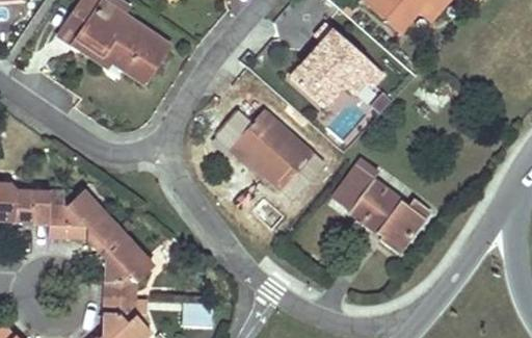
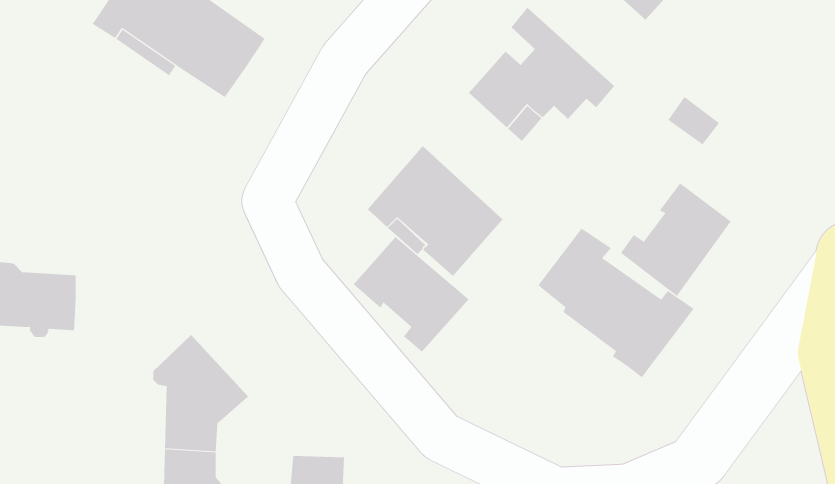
building: none -> [620,182,732,297]
building: none -> [353,236,470,352]
building: [49,187,121,249] -> none

